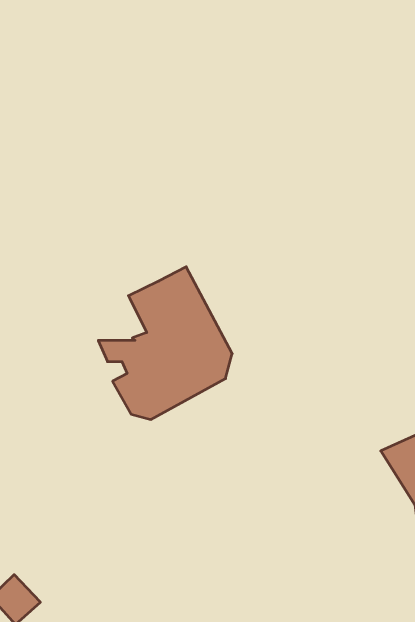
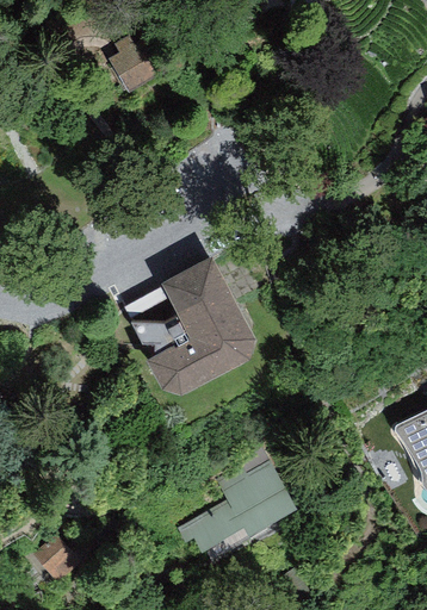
building: none -> [113,38,157,94]
building: none -> [177,461,296,558]

